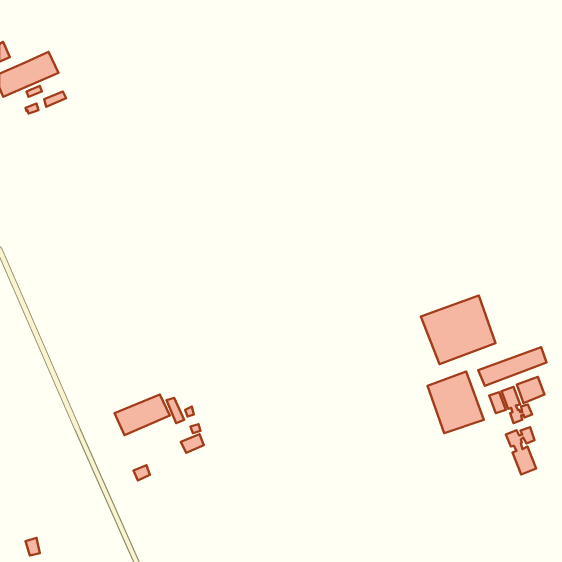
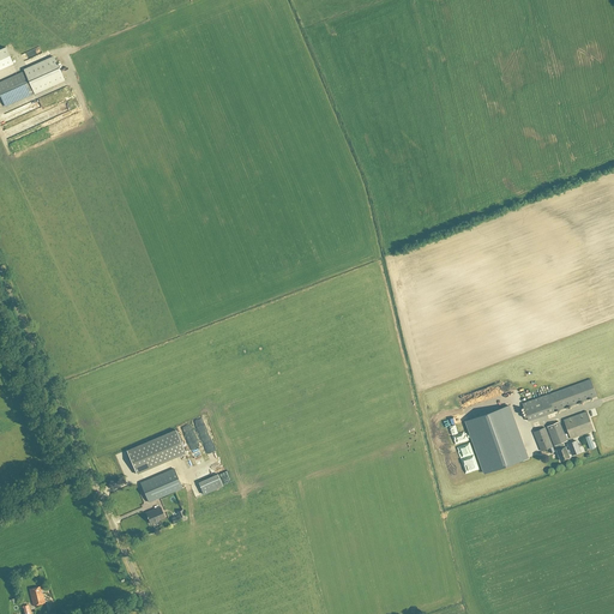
building: [421,295,496,364] -> none
building: [506,427,536,475] -> none
building: none -> [139,468,181,501]

